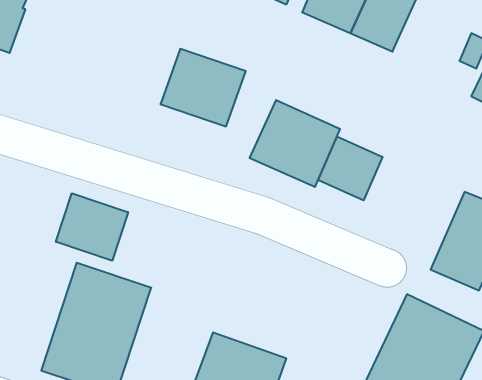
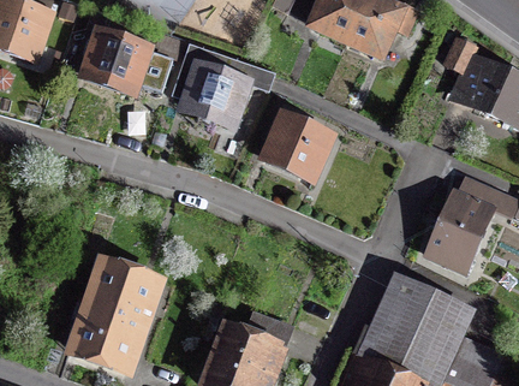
building: none -> [74,23,154,95]
building: [318,136,383,200] -> none
building: [56,193,128,261] -> none

